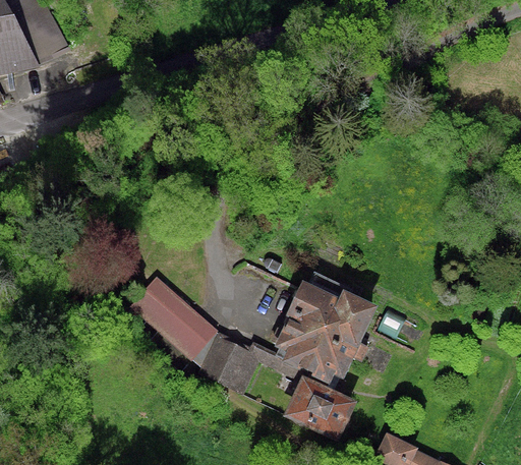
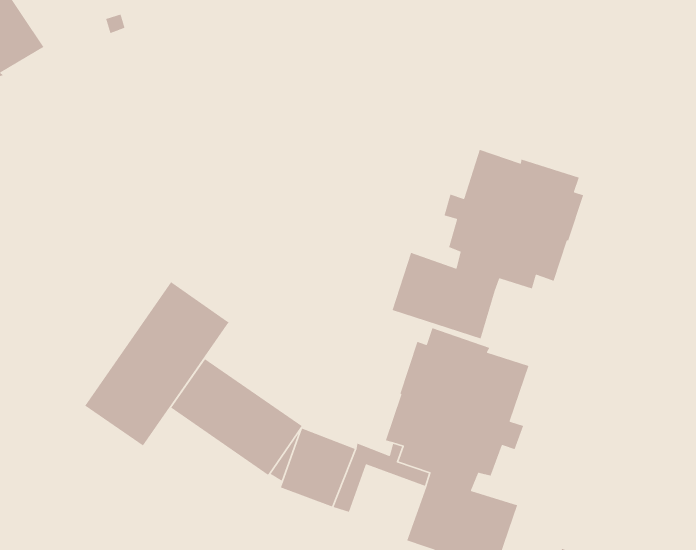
building: none -> [392,149,584,339]
building: none -> [84,281,230,447]

